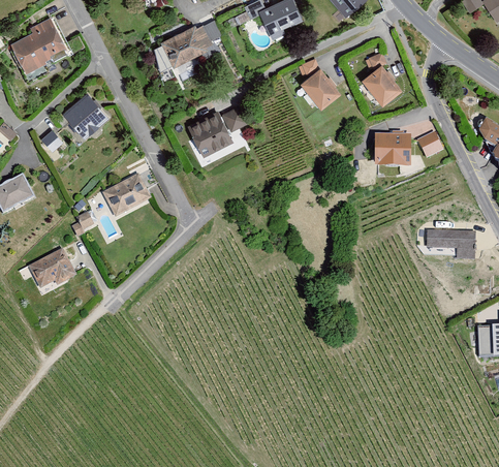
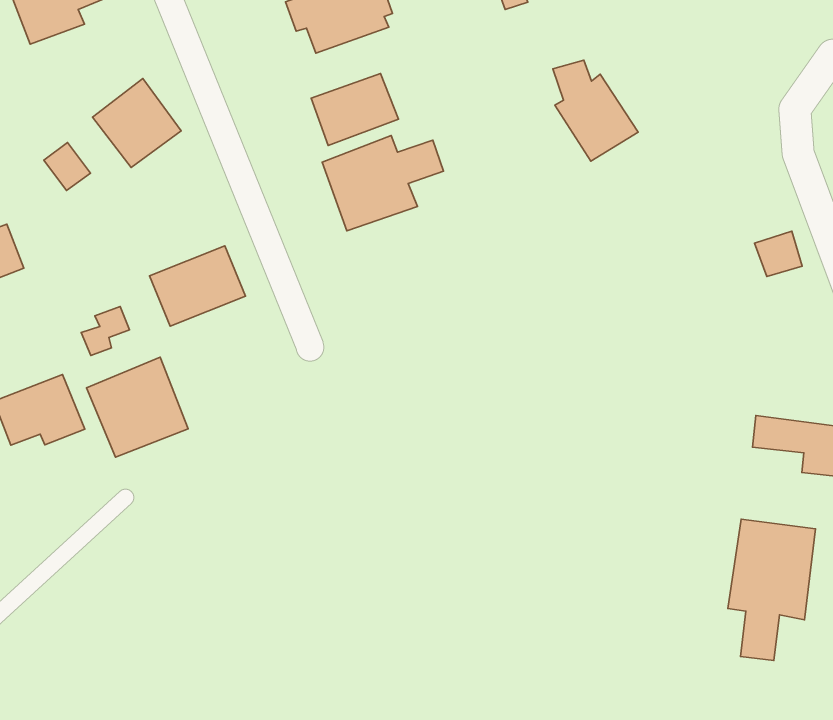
building: [355,50,397,105] -> none
building: none -> [311,73,399,146]
building: [371,136,406,166] -> none
building: none -> [86,357,188,457]
building: none -> [728,519,815,660]

